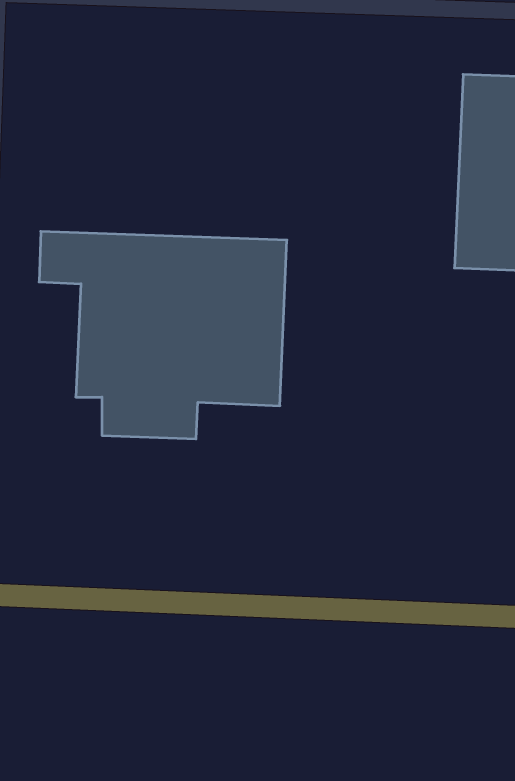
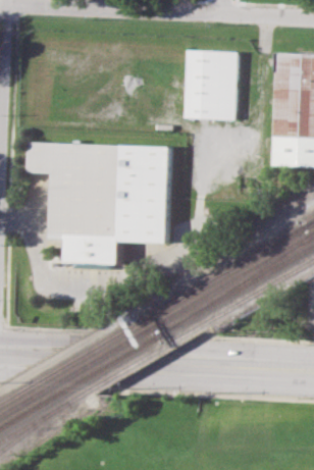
building: none -> [185,49,237,118]

